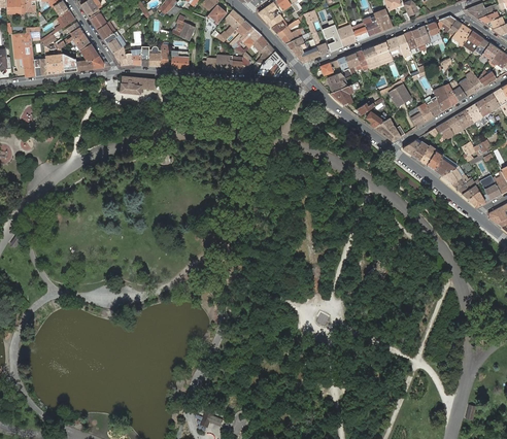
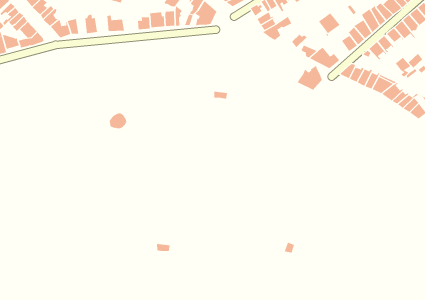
building: [121,75,156,94] -> none
building: none -> [297,65,322,90]

